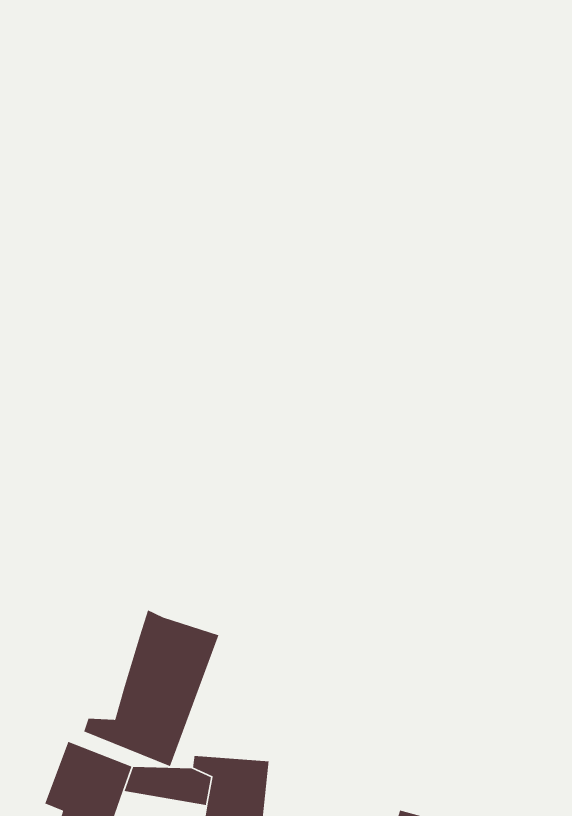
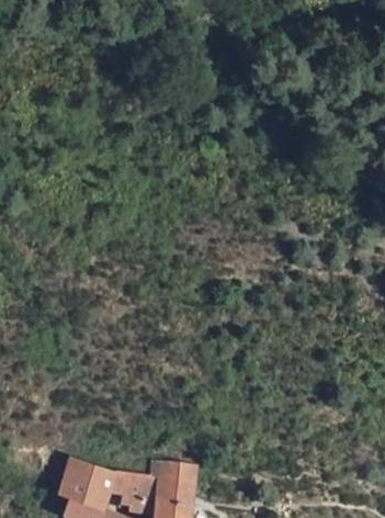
building: [83,609,220,767] -> none

